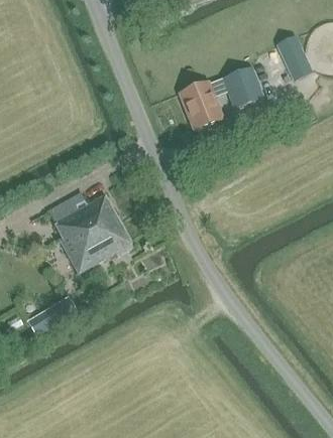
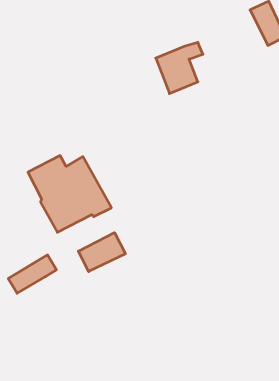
building: [223,65,264,109] -> none
building: none -> [78,233,125,272]

